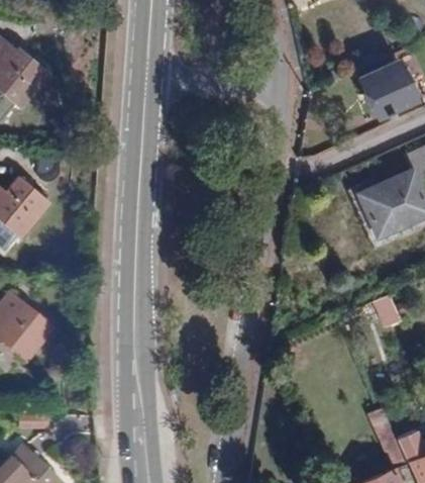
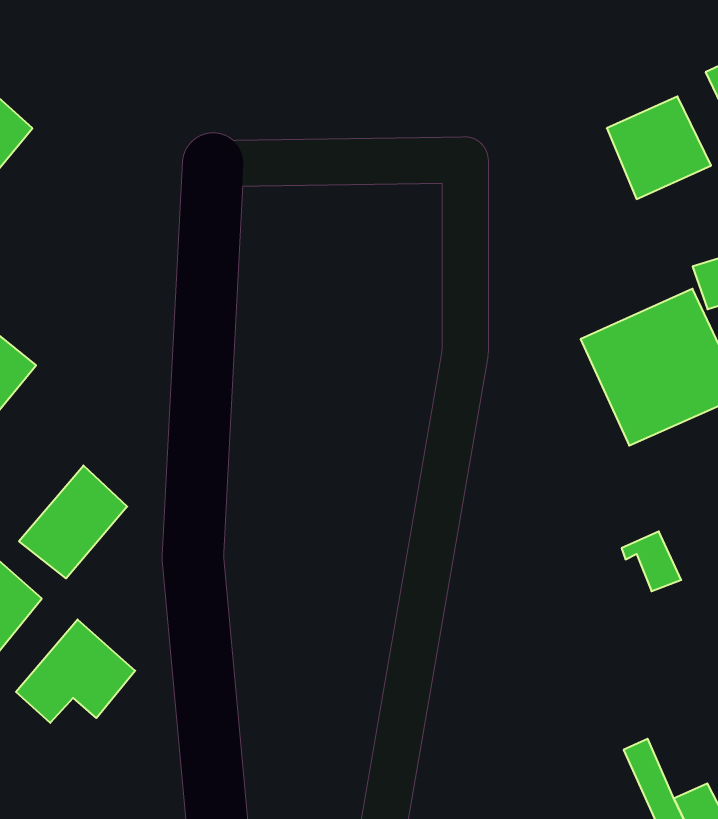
building: none -> [19,465,127,578]
building: none -> [16,619,135,723]

